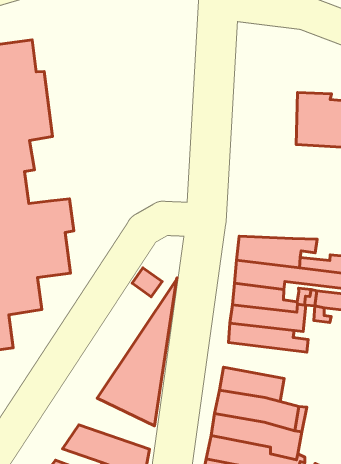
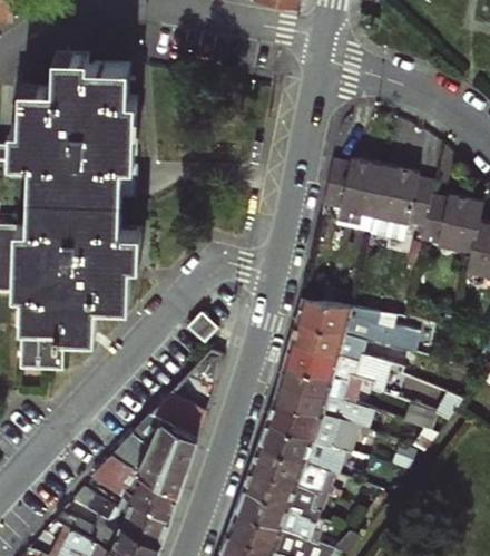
building: none -> [321,159,382,217]
building: none -> [98,169,122,233]
building: none -> [264,402,356,456]
building: none -> [111,436,186,495]

